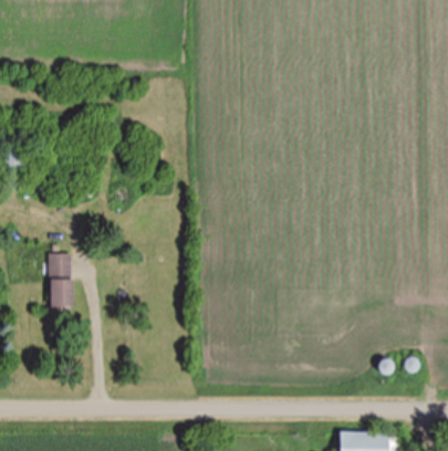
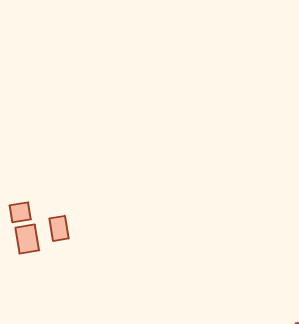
building: none -> [50,216,69,241]

